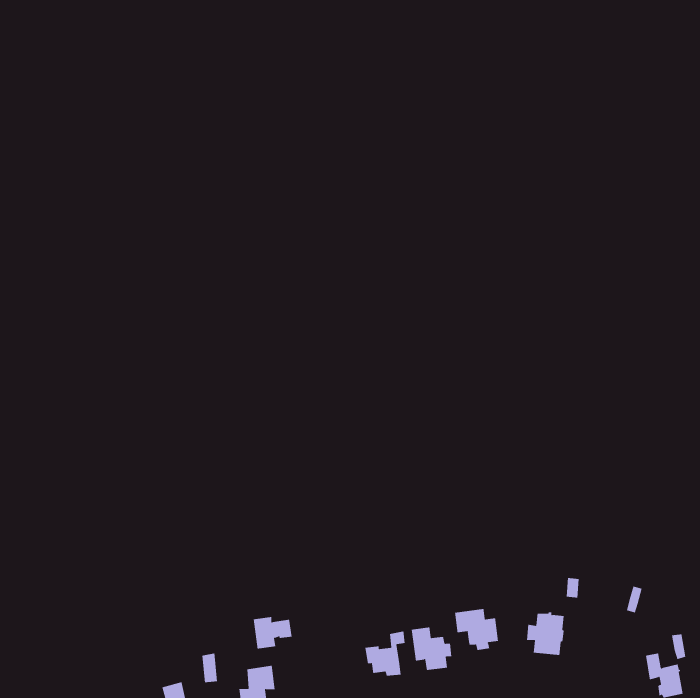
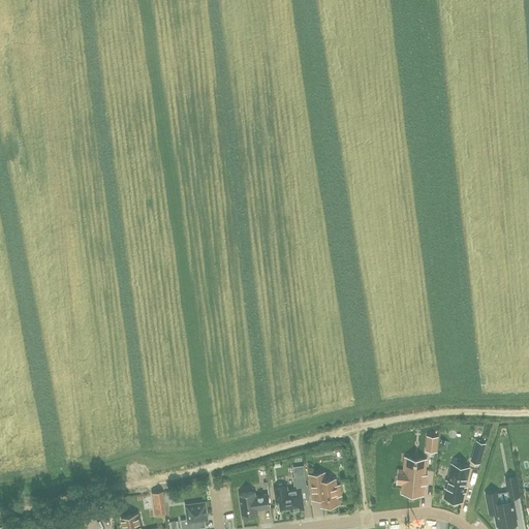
building: [455,608,499,651] -> none
building: none -> [444,466,467,502]
building: [253,616,293,649] -> [240,494,270,519]

